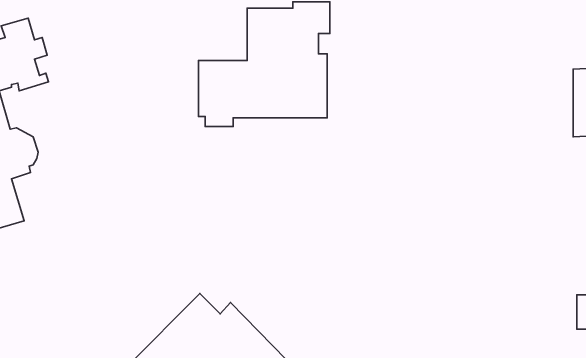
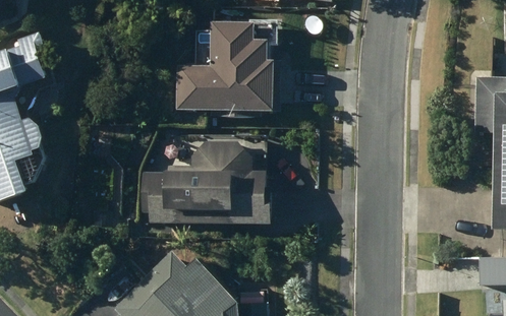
building: none -> [137,142,276,226]

